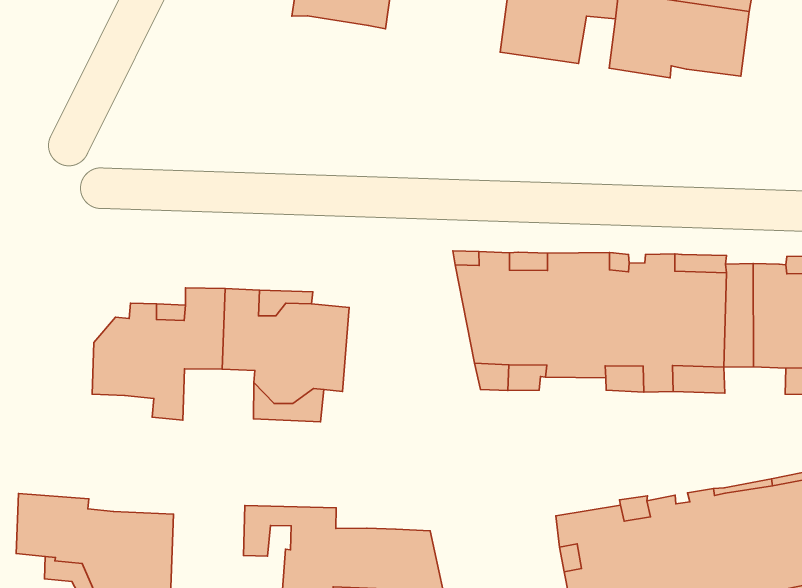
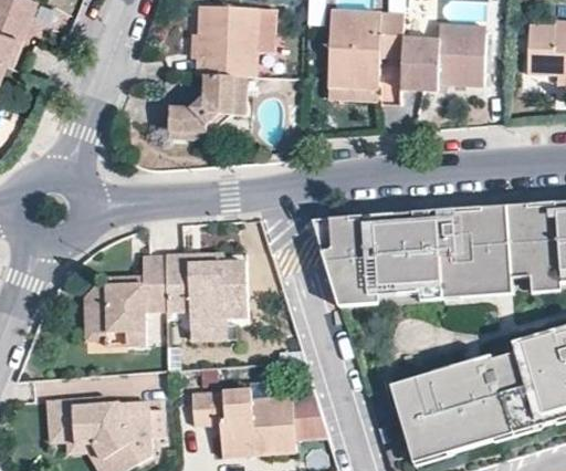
building: none -> [166,75,243,139]

